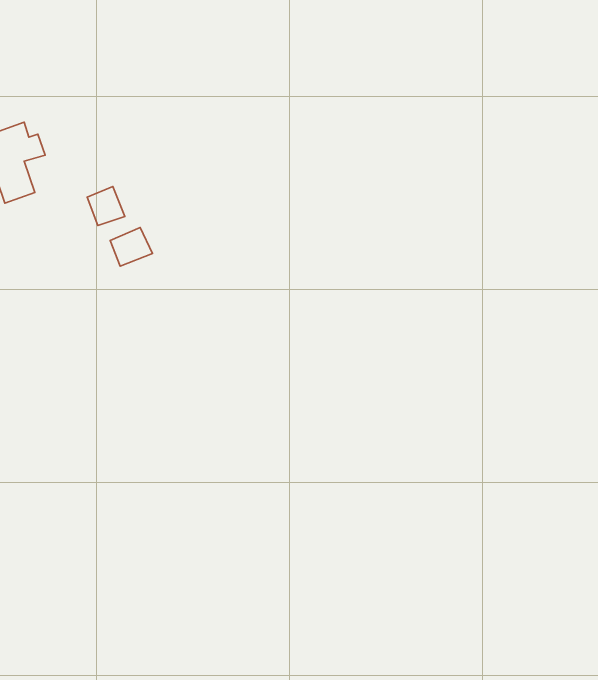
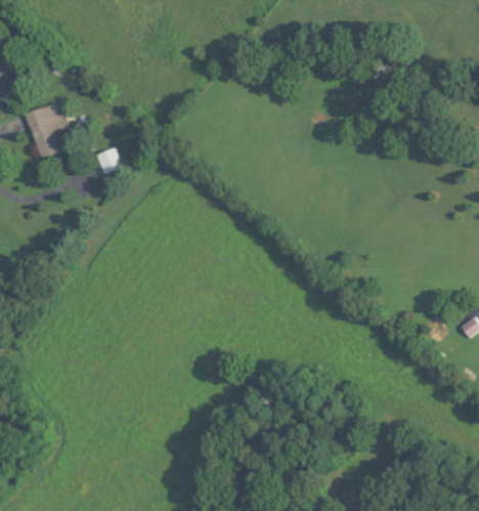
building: [110,228,153,266] -> none

